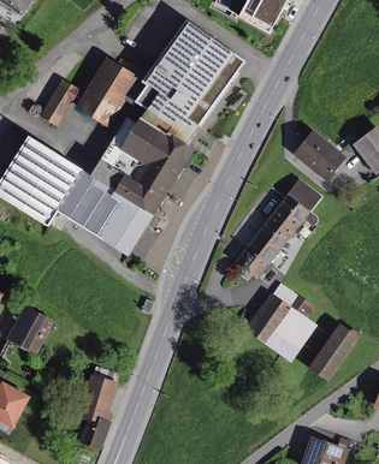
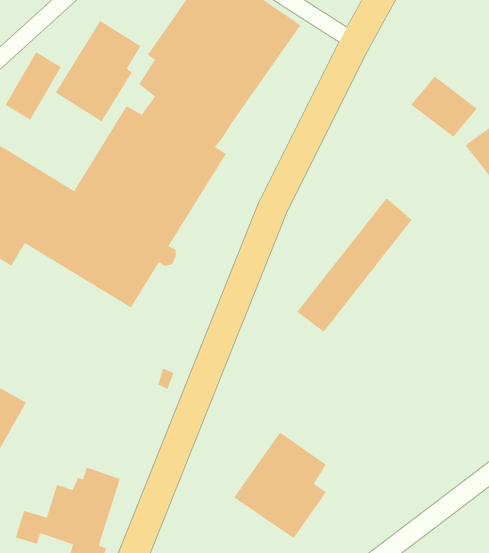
building: [297,131,344,174] -> [410,75,478,138]
building: [248,281,313,356] -> [233,431,327,539]
building: [310,323,356,376] -> none

